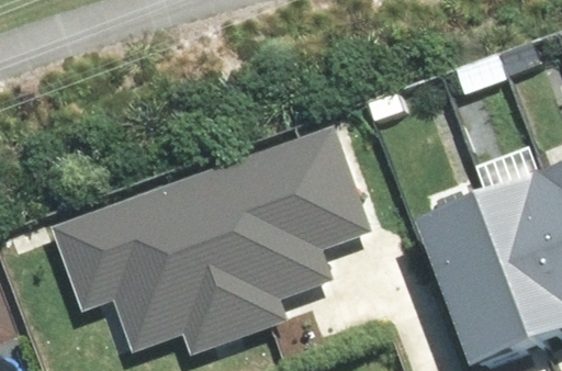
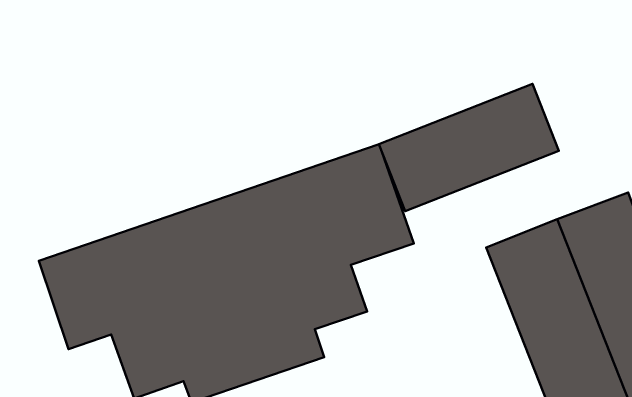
building: none -> [379,84,559,211]

